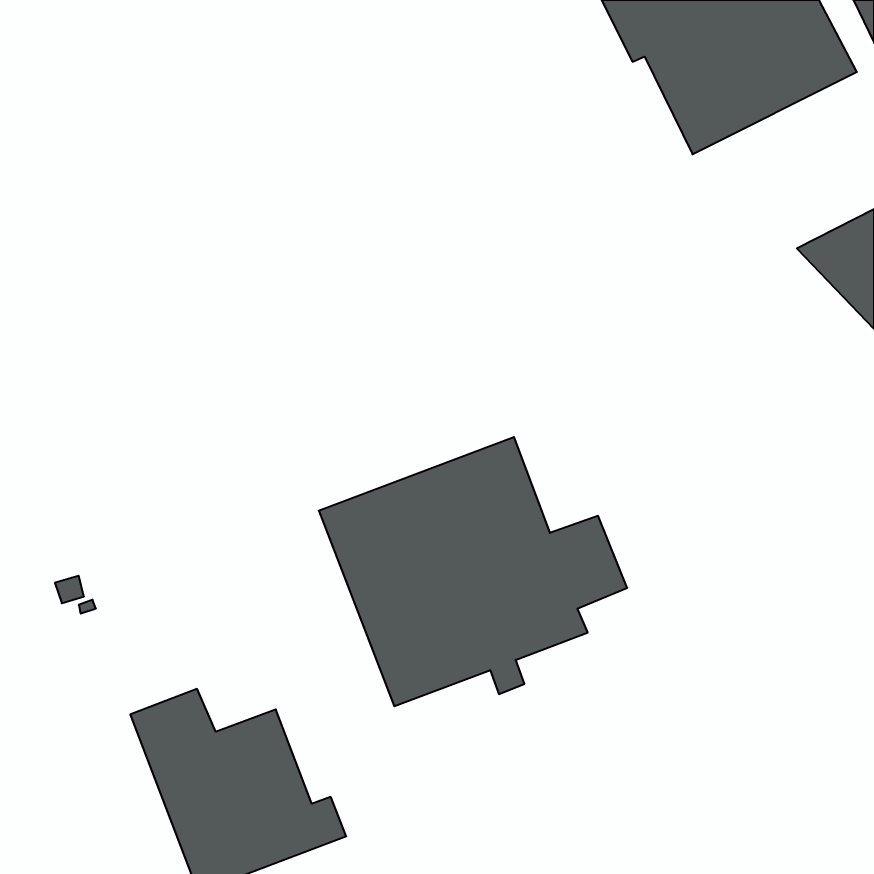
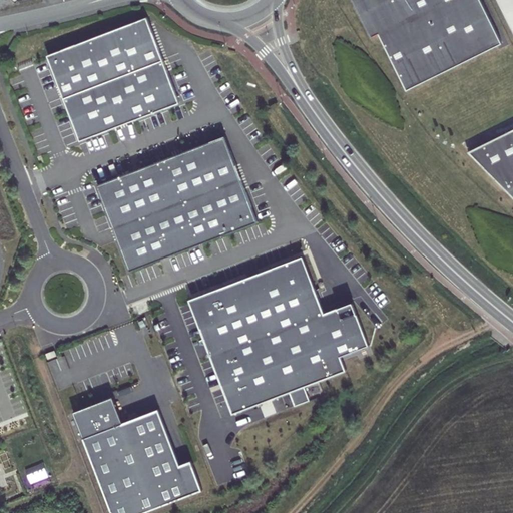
building: none -> [44,15,177,140]
building: none -> [98,134,258,270]

